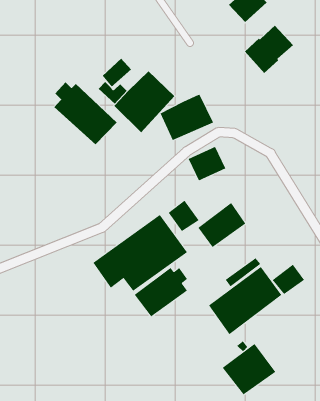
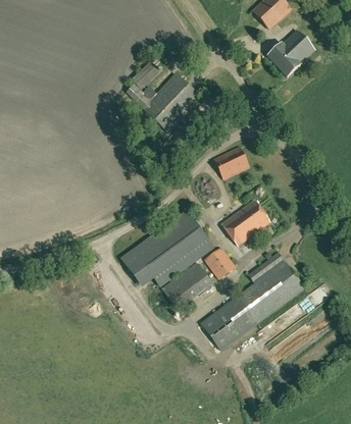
building: [54,81,118,145] -> none
building: [160,94,214,141] -> none
building: [168,200,200,232] -> [205,248,236,278]
building: [272,264,305,295] -> none
building: [222,343,276,395] -> [201,300,253,350]

